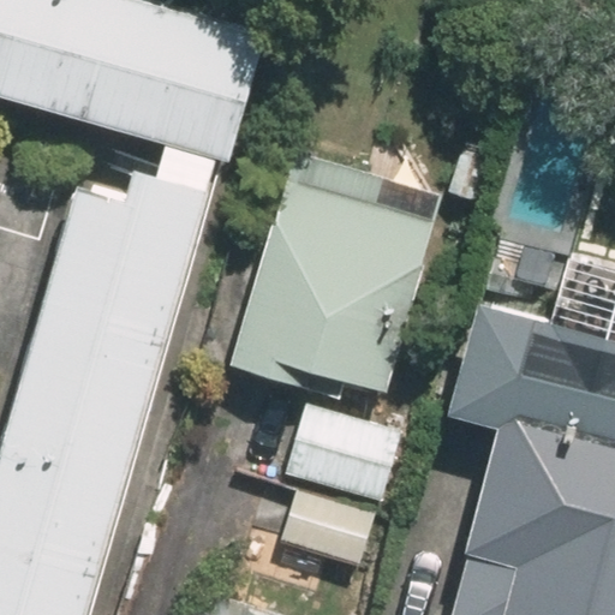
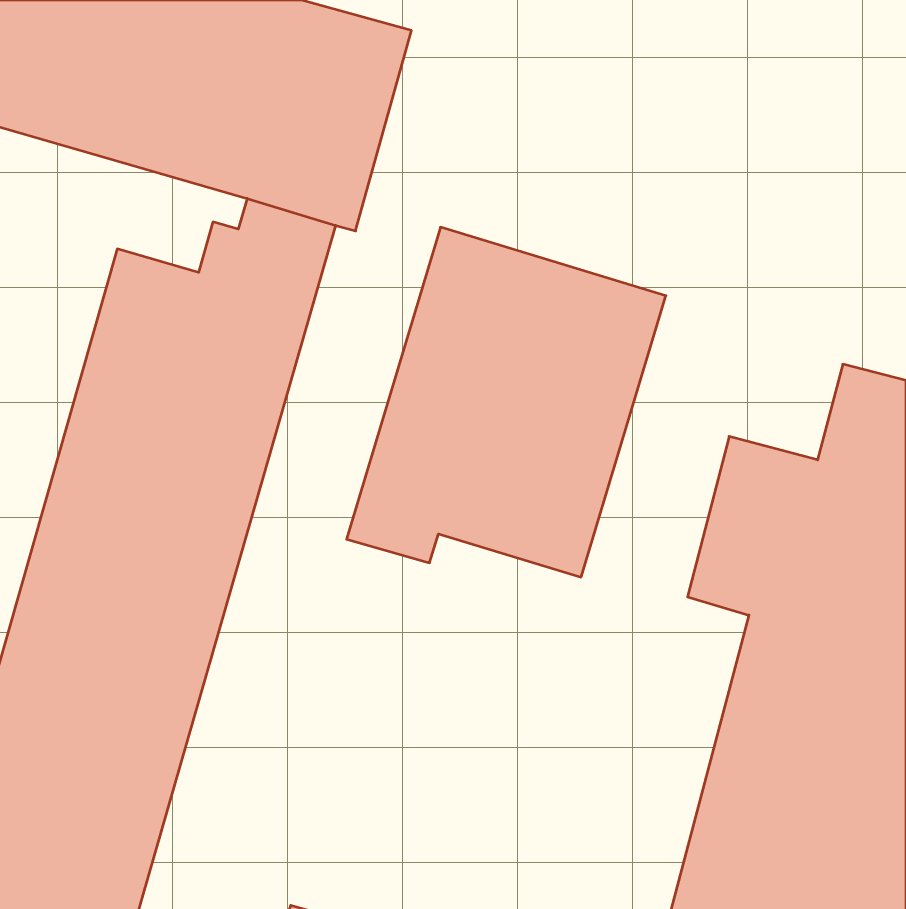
building: [279,400,404,508] -> none

